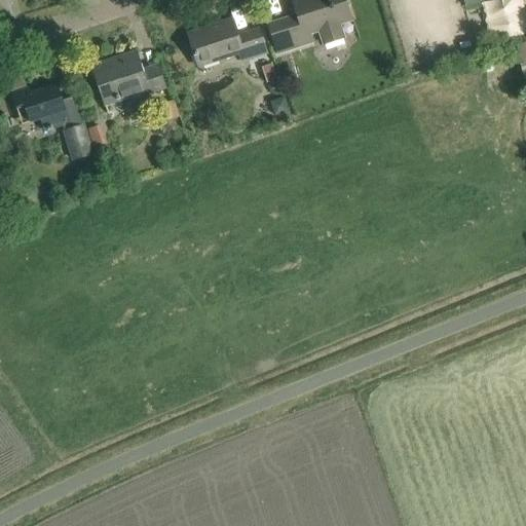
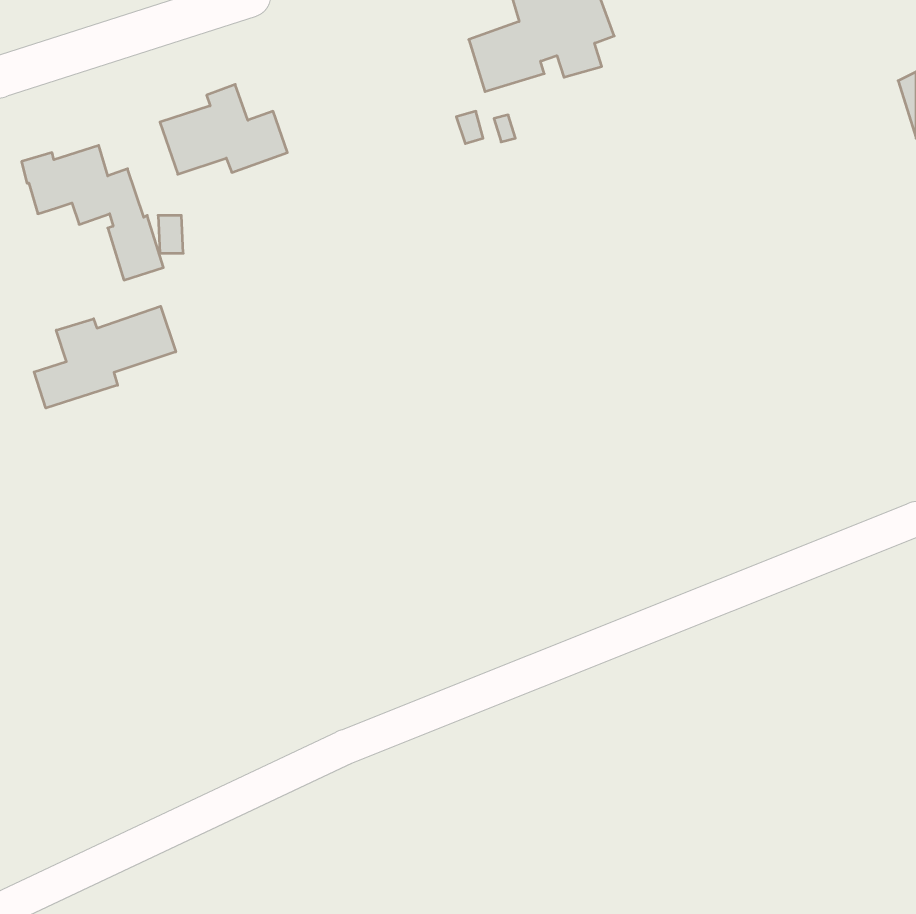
building: [188,17,266,64] -> none
building: none -> [34,306,176,408]

